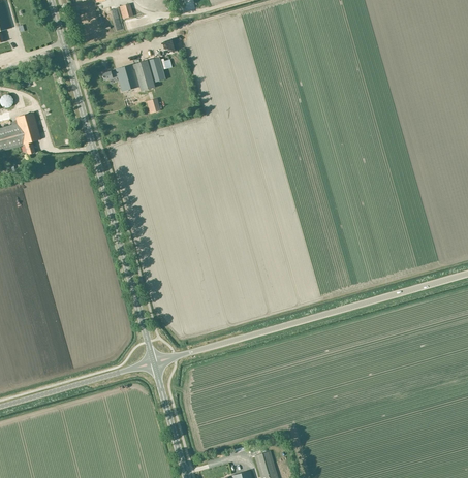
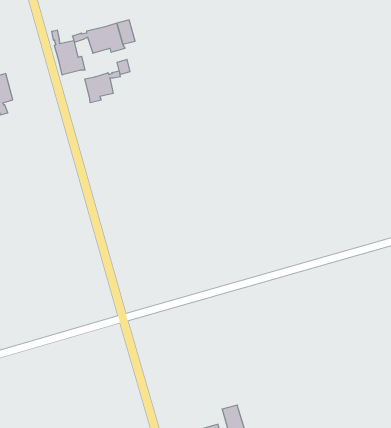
building: none -> [52,30,85,75]
building: none -> [85,71,120,103]

